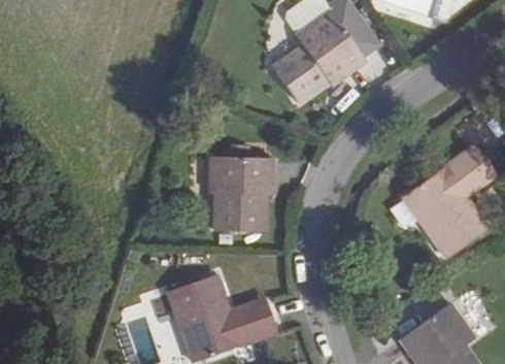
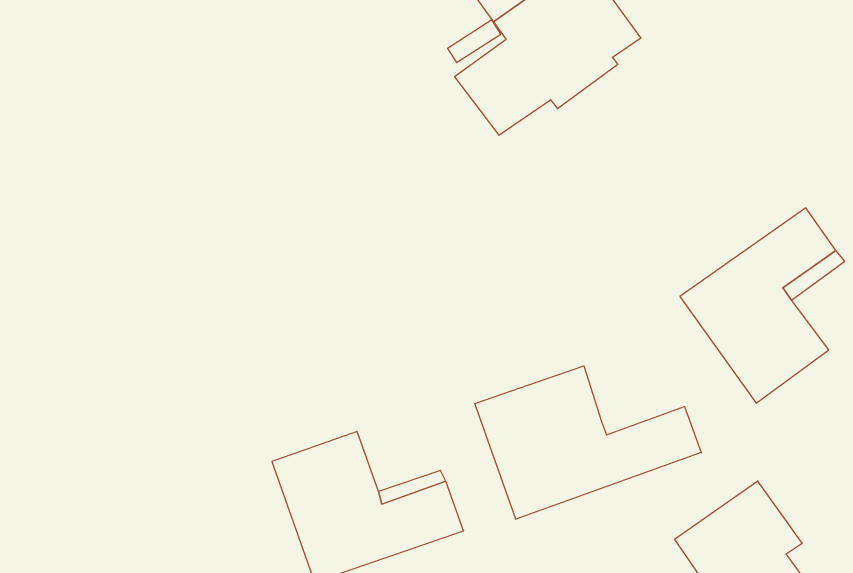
building: [209,157,272,232] -> none
building: none -> [475,366,701,519]

